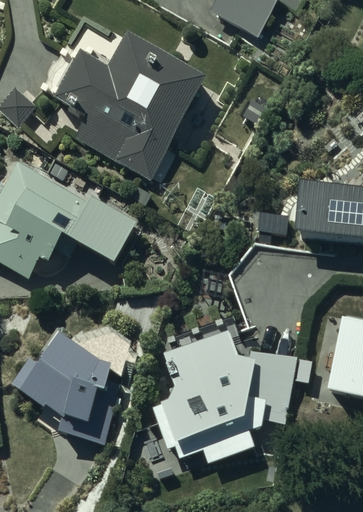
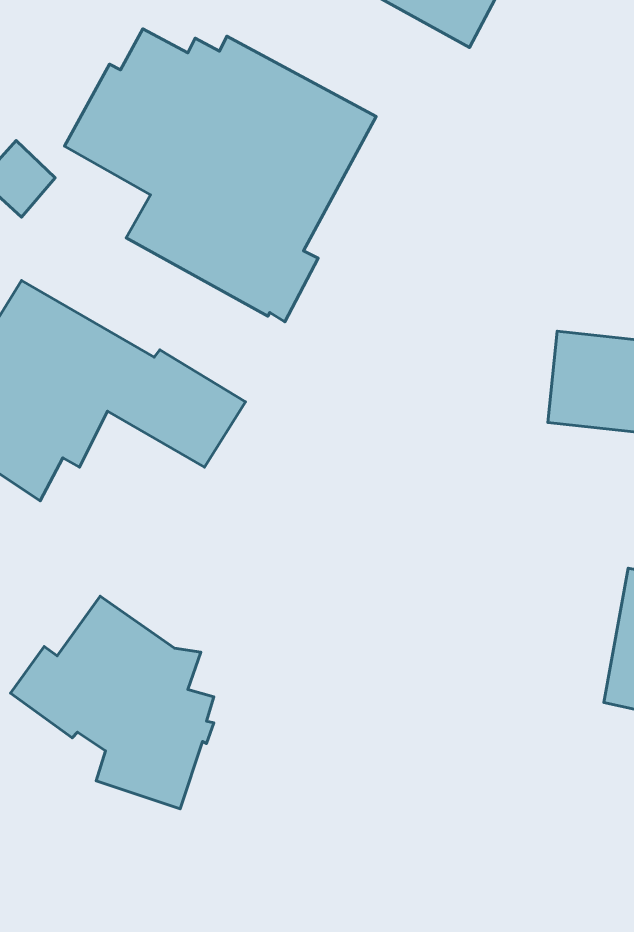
building: [152,329,295,463] -> none

